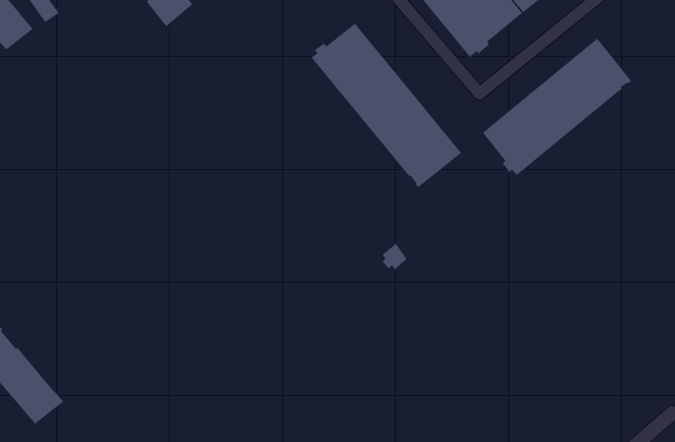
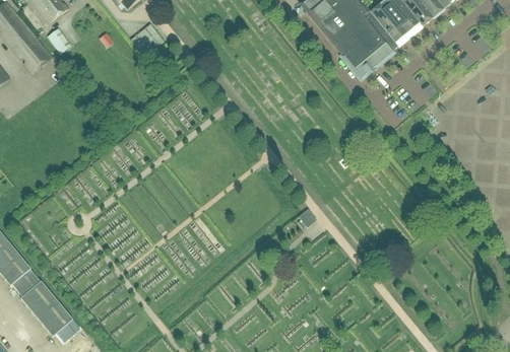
building: [311,23,462,188] -> none
building: [482,38,632,176] -> none

